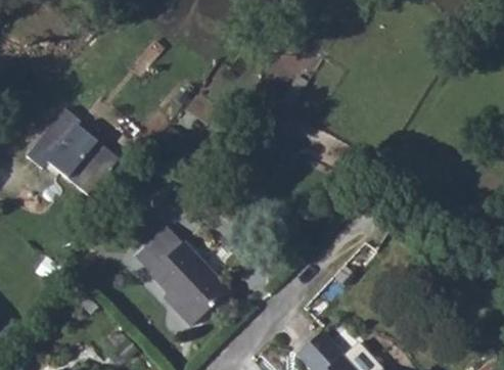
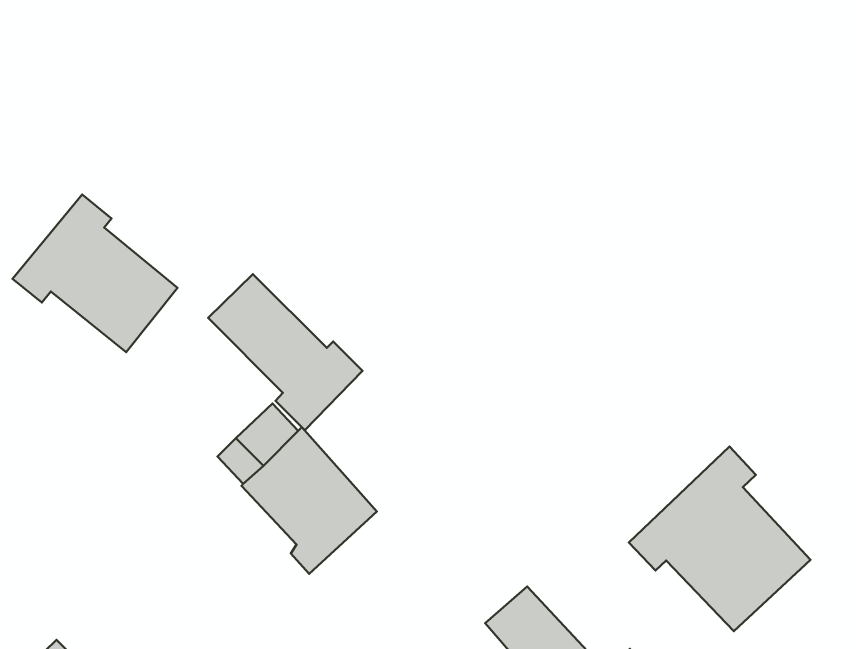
building: none -> [208,274,363,430]
building: none -> [629,446,810,631]

